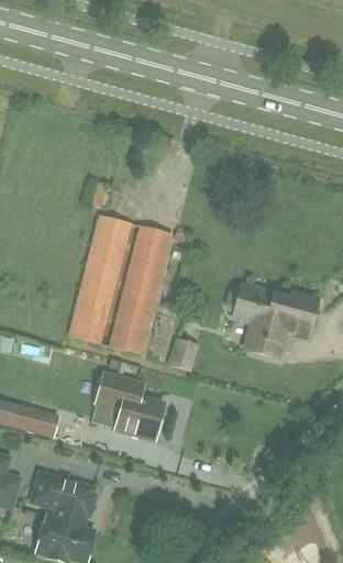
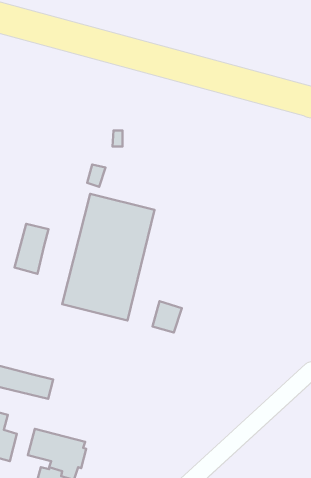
building: none -> [15,224,48,274]
building: [228,286,317,358] -> none
building: [97,374,165,438] -> none

